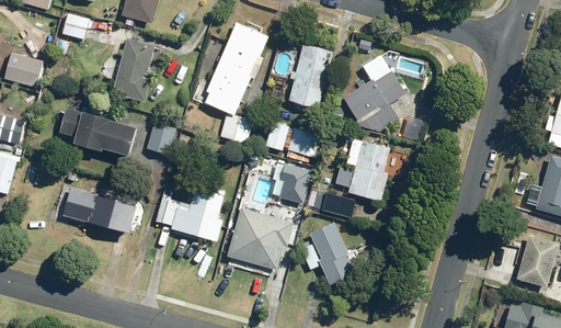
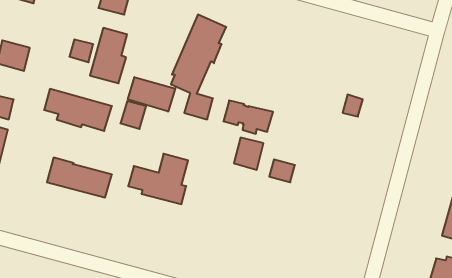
building: [61,13,89,39] -> [69,39,93,62]
building: [288,41,333,108] -> none
building: [343,56,407,132] -> none
building: none -> [128,77,175,112]
building: [335,139,390,201] -> none
building: [227,207,294,270] -> none
building: [300,223,355,285] -> none

